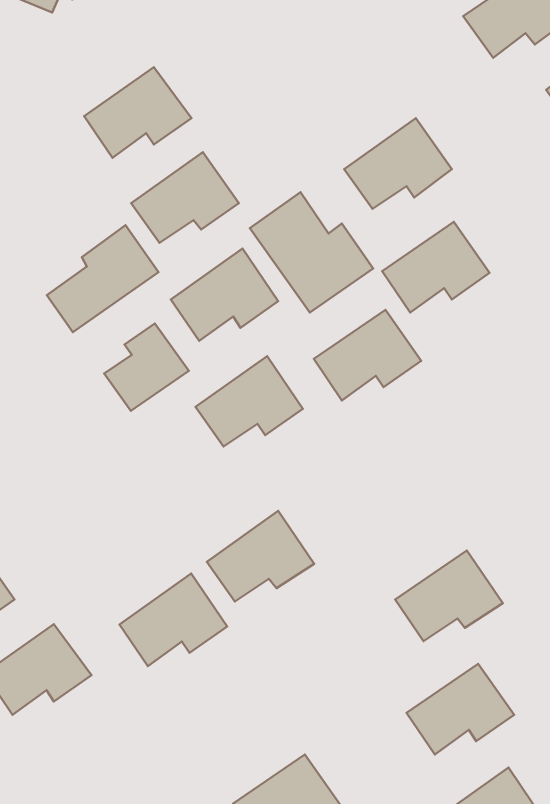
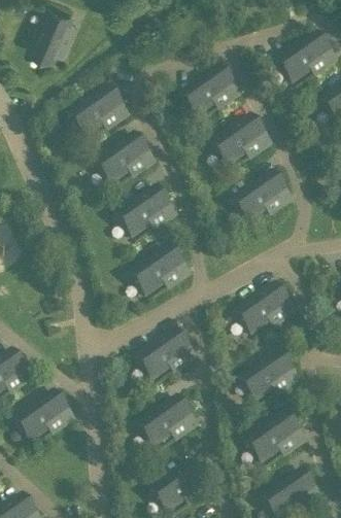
building: none -> [182,66,241,115]
building: [250,192,373,312] -> none
building: [47,225,158,332] -> none
building: [314,310,421,400] -> [237,284,296,334]
building: [104,323,189,411] -> none
building: [120,574,227,666] -> [139,396,198,447]

